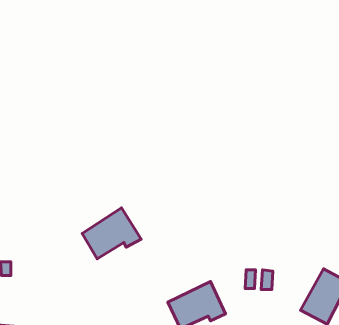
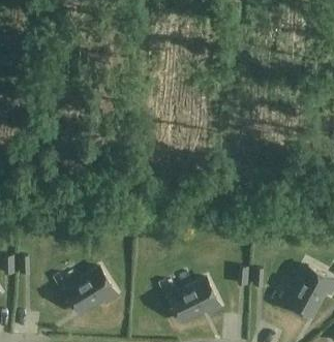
building: [82,208,141,259] -> [64,268,117,313]

